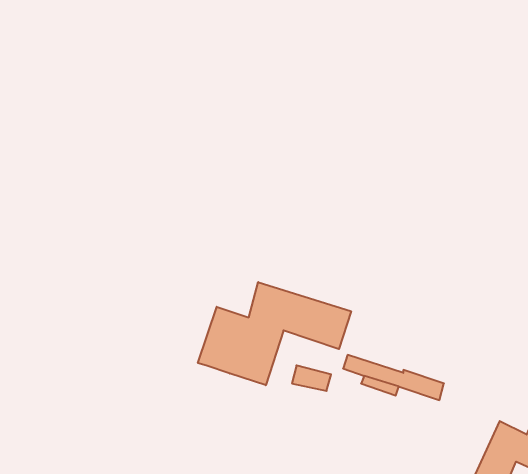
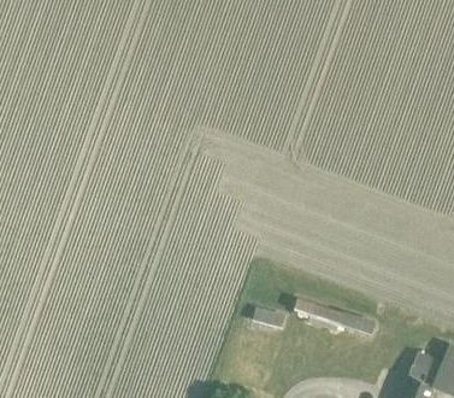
building: [198,282,351,385] -> none

